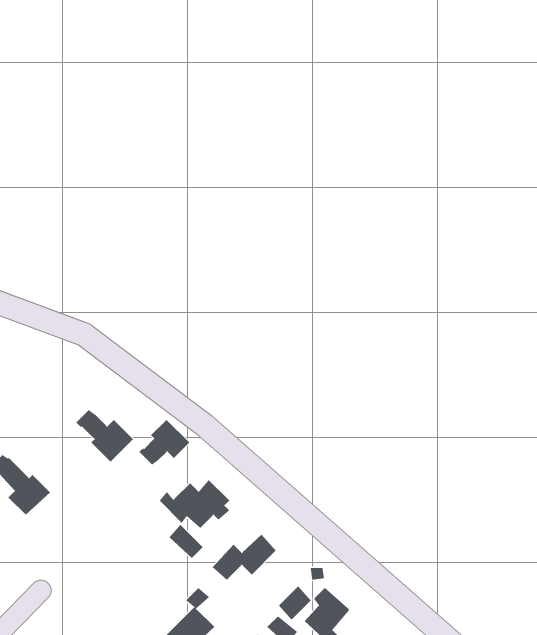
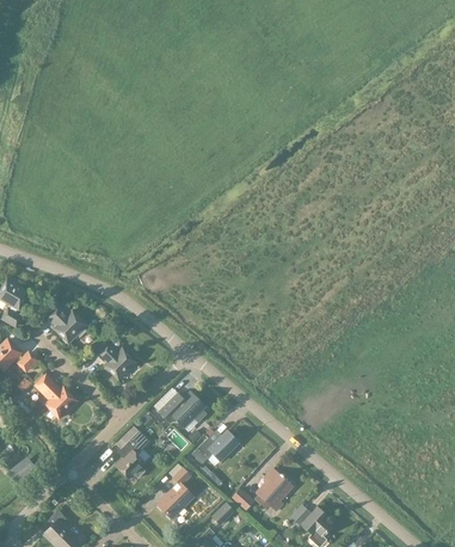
building: none -> [48,306,86,342]
building: [139,419,190,465] -> none
building: none -> [116,430,149,478]

